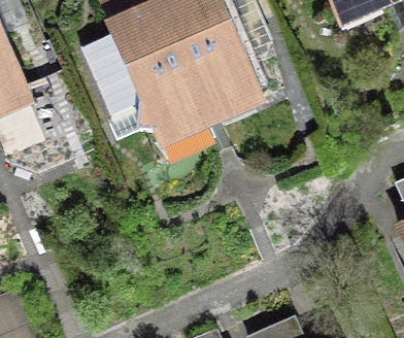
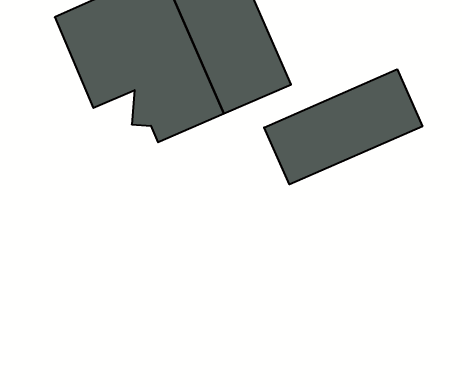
building: none -> [264,69,422,184]

